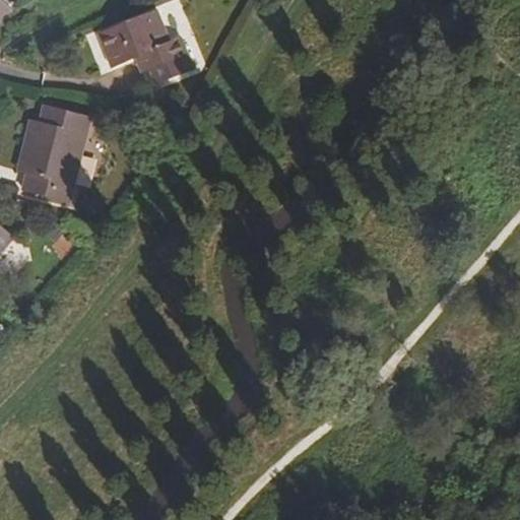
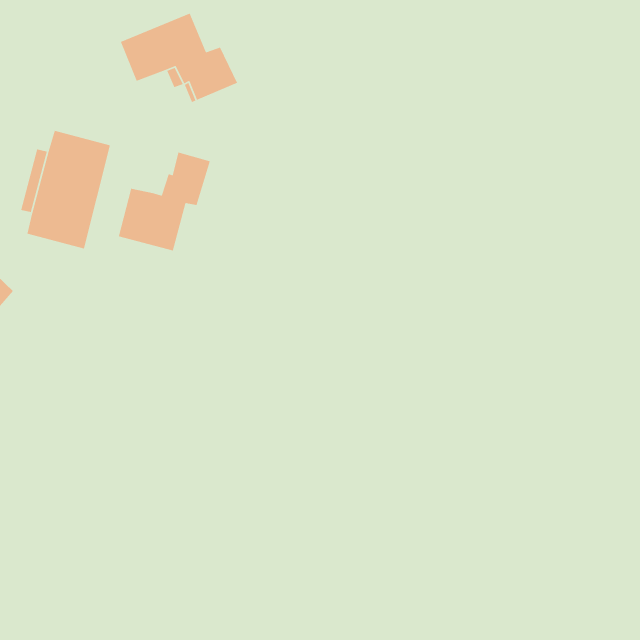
building: none -> [118,152,211,251]

